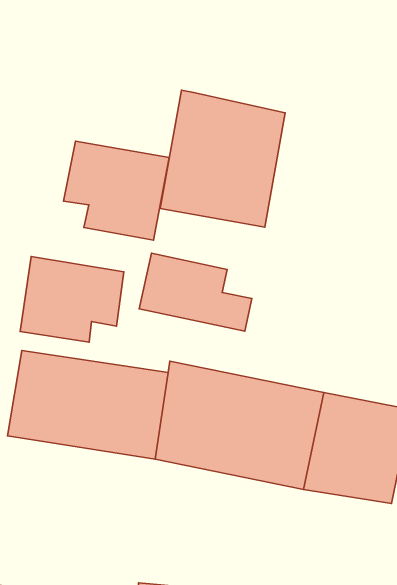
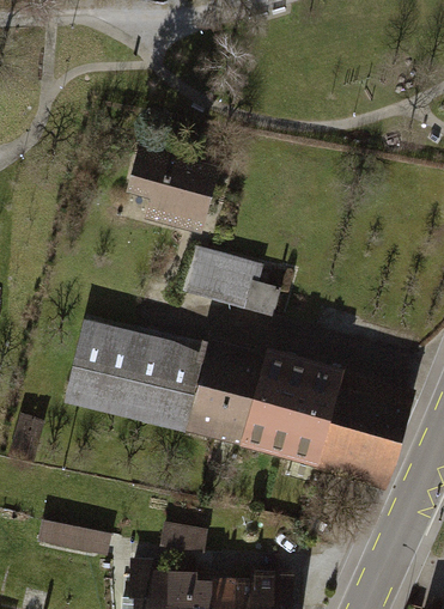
building: [160,90,285,227] -> none
building: [20,257,124,342] -> none

